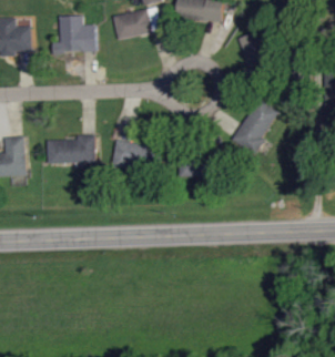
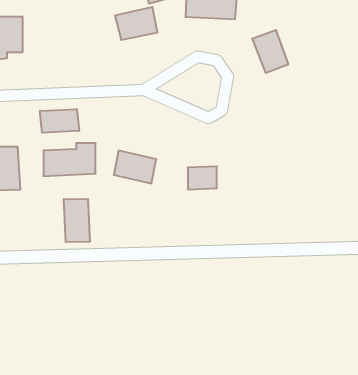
building: [59,17,95,52] -> none
building: [233,100,277,154] -> none
building: none -> [40,109,79,133]
building: none -> [64,199,90,242]

